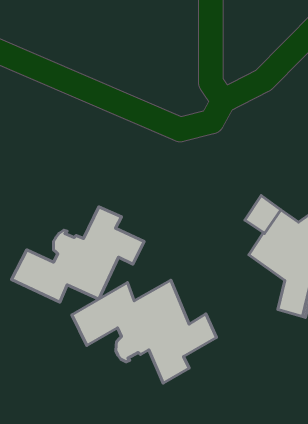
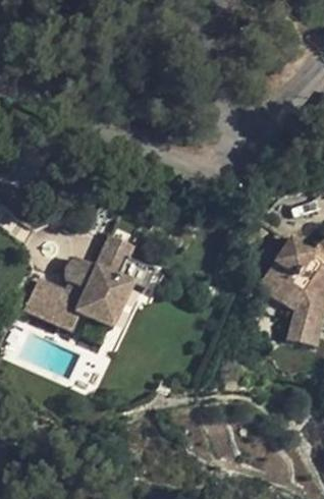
building: [72,280,216,383] -> none

